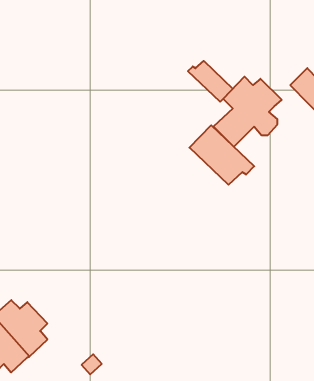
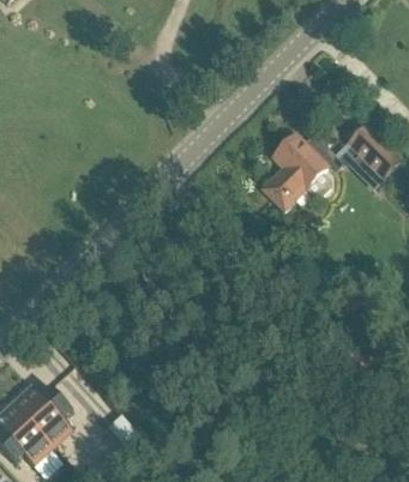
building: [188,61,233,102] -> none
building: [189,125,254,185] -> none

